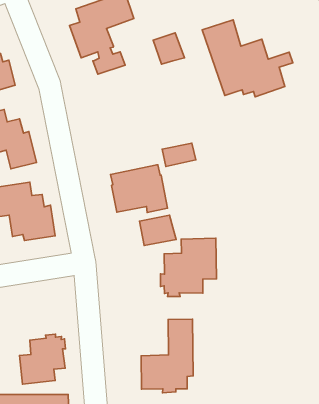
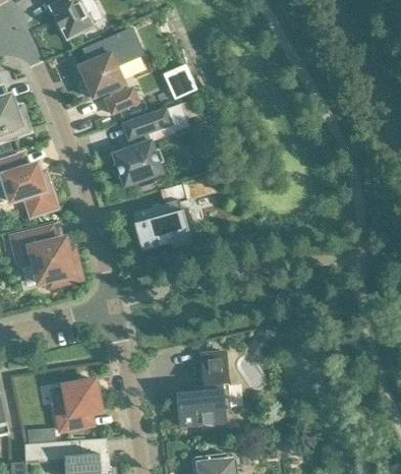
building: [202,20,293,97] -> none
building: none -> [111,103,188,186]
building: [139,215,176,245] -> none
building: [161,238,216,297] -> none

